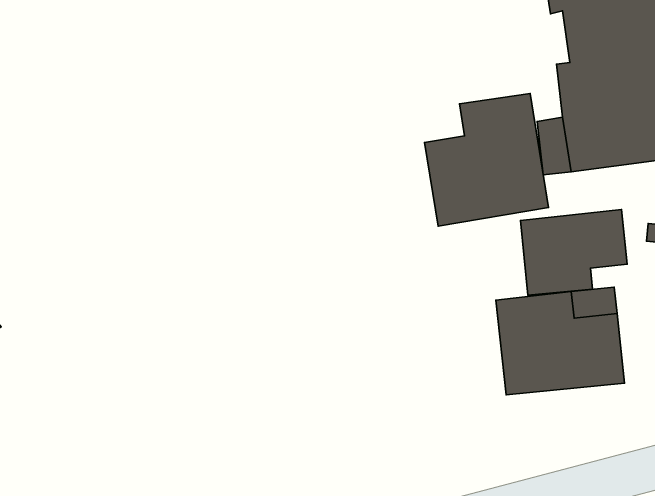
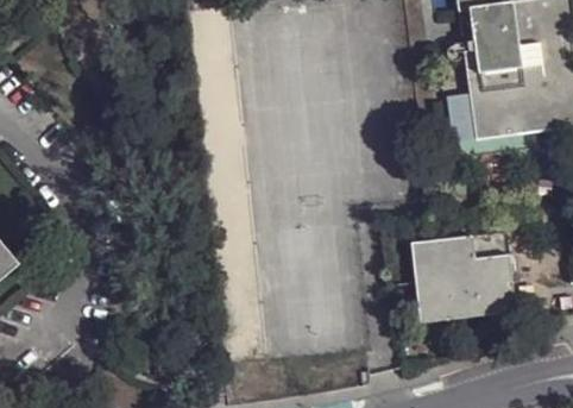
building: [424,93,548,226] -> none
building: [520,209,627,295] -> none

